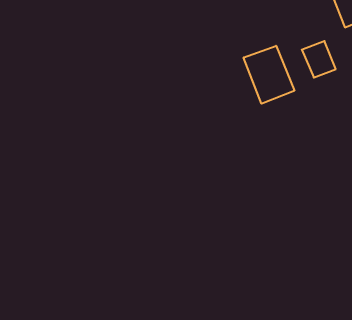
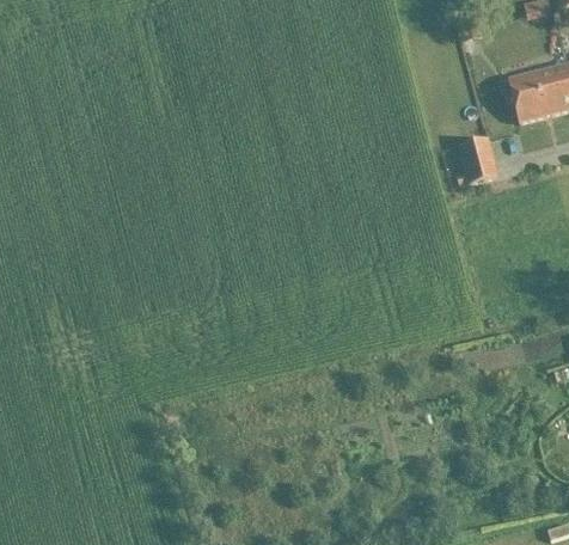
building: [244,46,294,104] -> none

